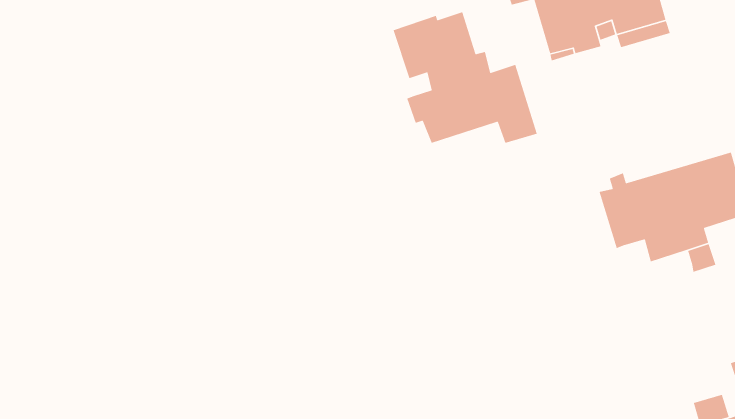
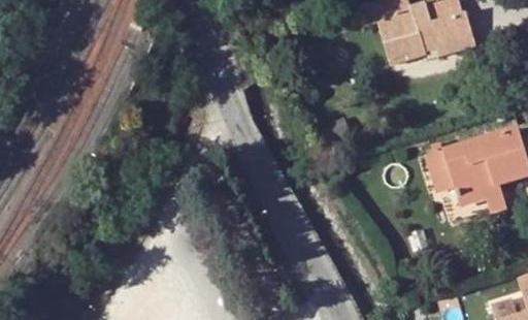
building: [392,11,538,144] -> none

